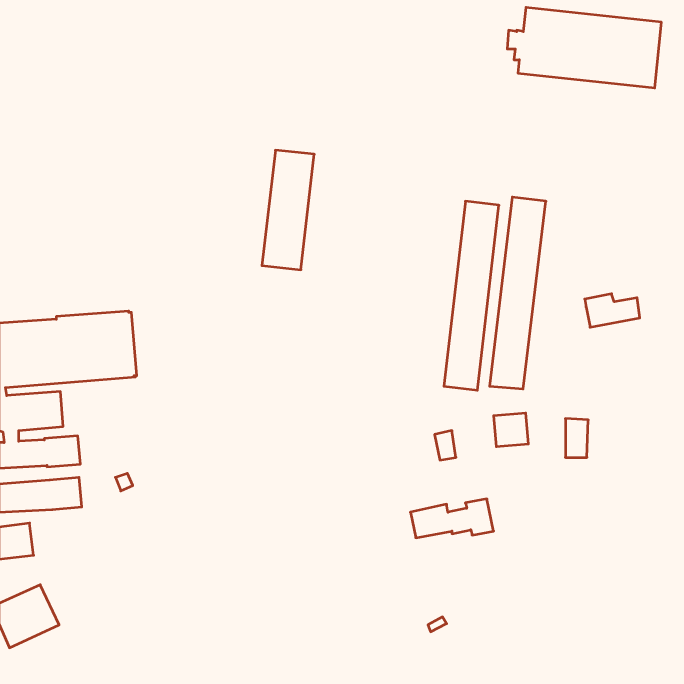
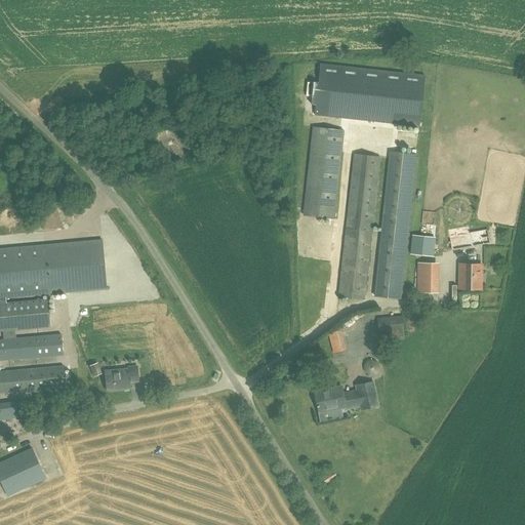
building: [507,7,661,88] -> [306,64,423,125]
building: [262,150,314,270] -> [302,126,342,217]
building: none -> [409,235,435,255]
building: none -> [459,265,482,289]
building: [565,419,588,457] -> [418,262,436,292]
building: none -> [105,366,138,390]

